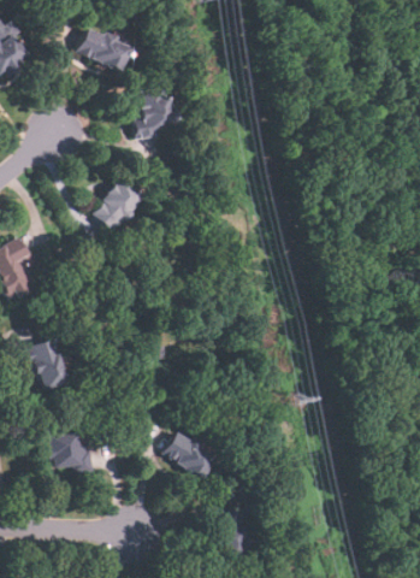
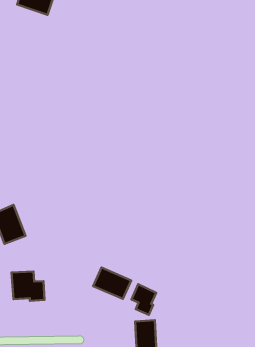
building: [136,88,174,140] -> none
building: [91,181,144,232] -> none
building: none -> [131,284,156,315]

